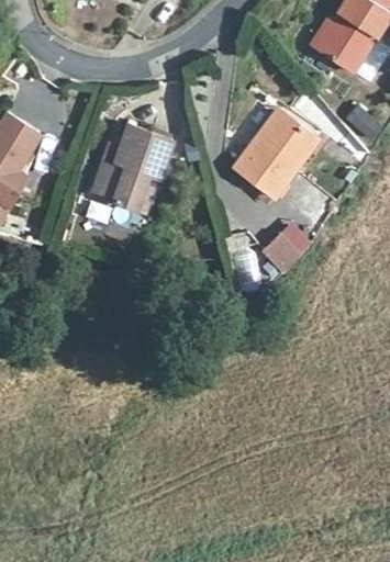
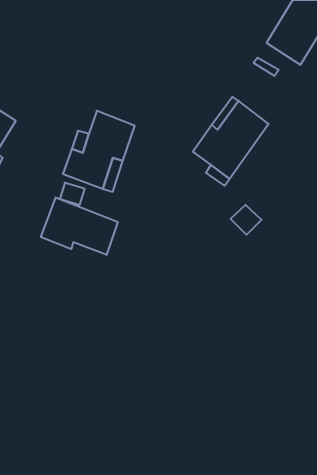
building: none -> [41,197,118,255]

